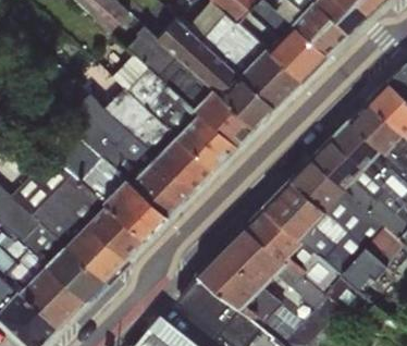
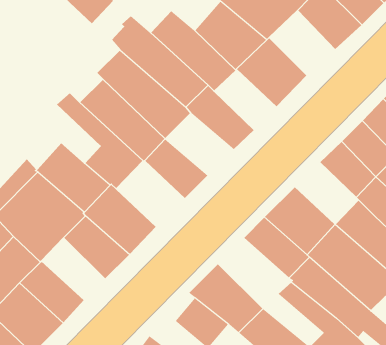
building: [267,23,325,81] -> none
building: [218,75,273,129] -> none
building: [174,114,235,170] -> none
building: [131,157,192,215] -> none
building: [289,158,346,213] -> none
building: [64,225,121,281] -> none
building: [221,225,287,288] -> none

